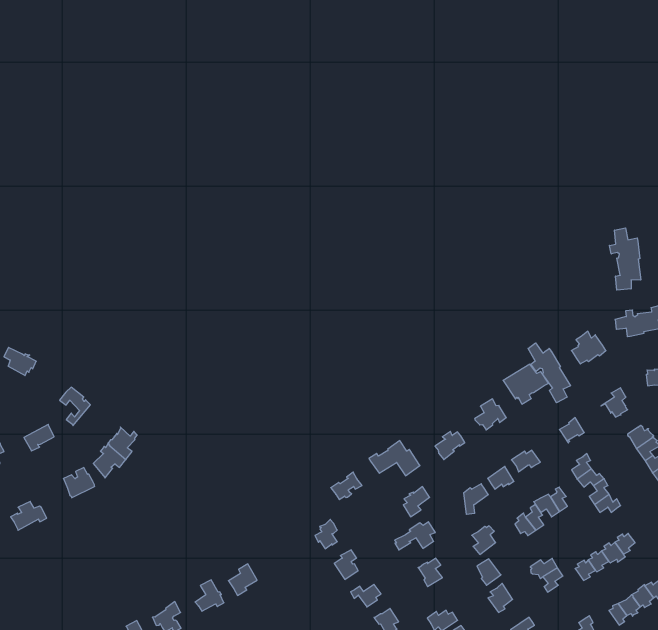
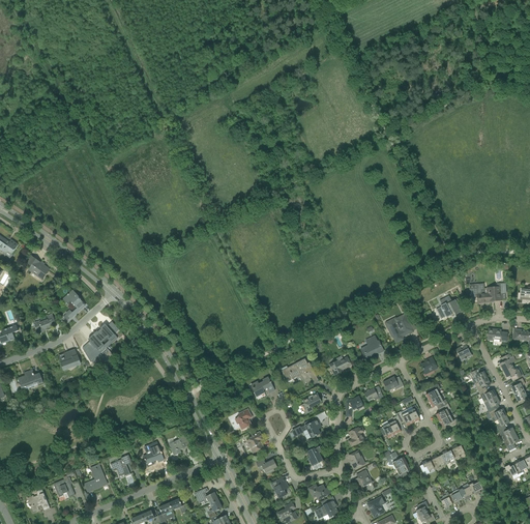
building: [609,228,641,290] -> none
building: [528,343,571,403] -> none

